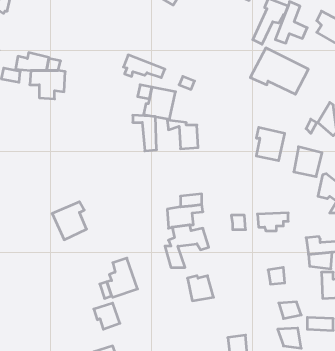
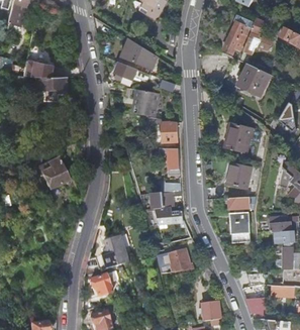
building: none -> [120,39,157,70]
building: [133,115,157,151] -> [160,147,180,178]
building: [294,147,322,177] -> [227,162,252,188]
building: [52,202,87,240] -> [39,156,69,189]
building: none -> [231,211,251,241]

